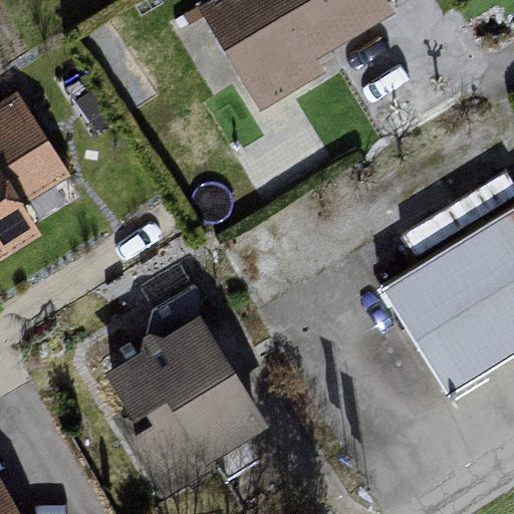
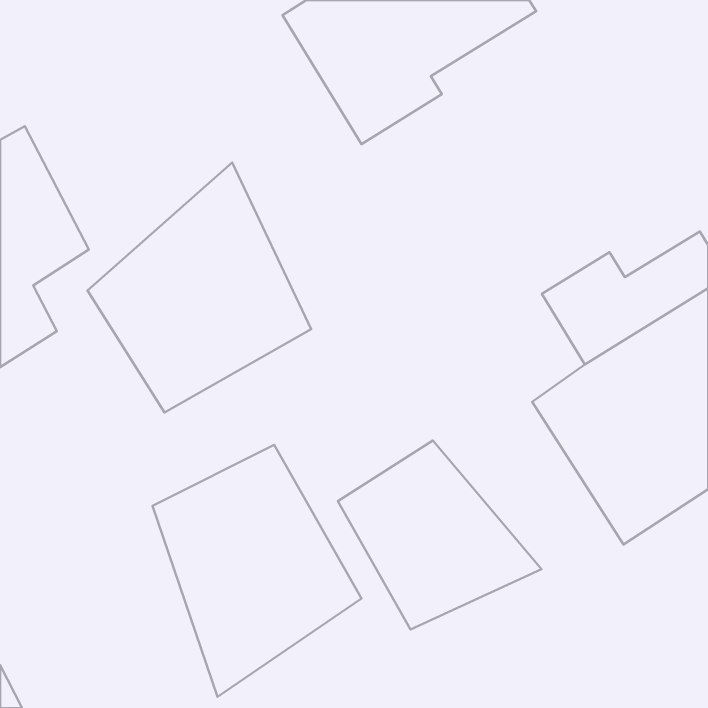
building: none -> [87,162,311,412]
building: none -> [338,441,541,629]

